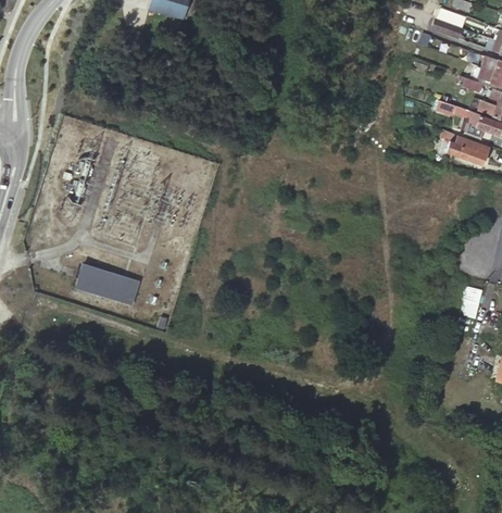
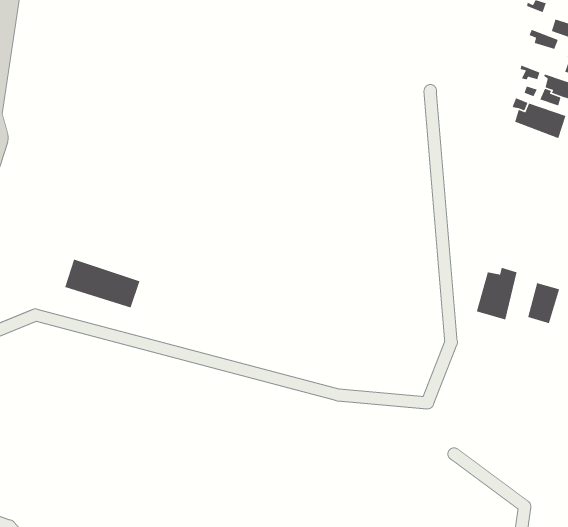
building: none -> [476,267,517,321]

